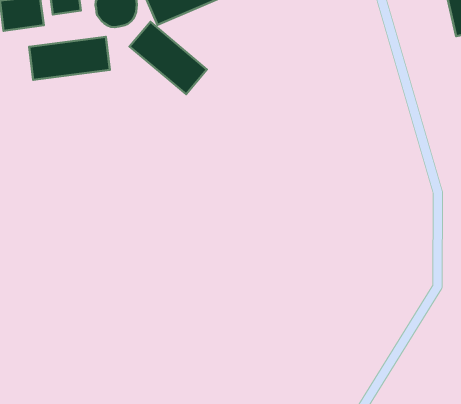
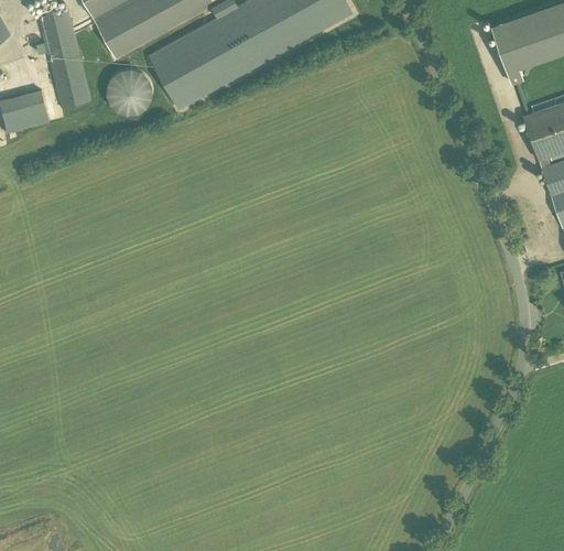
building: [130,22,207,94] -> none
building: [29,37,110,80] -> none

